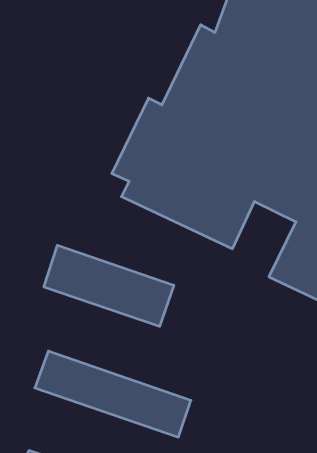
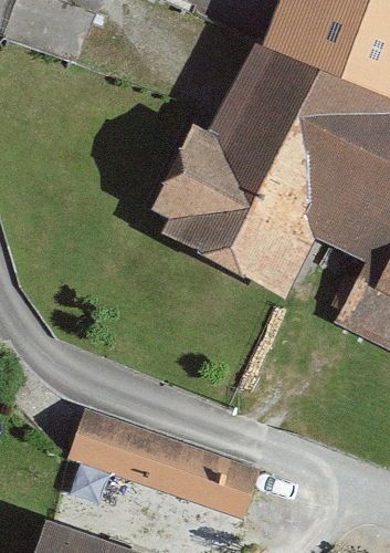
building: [44,245,174,326] -> none

